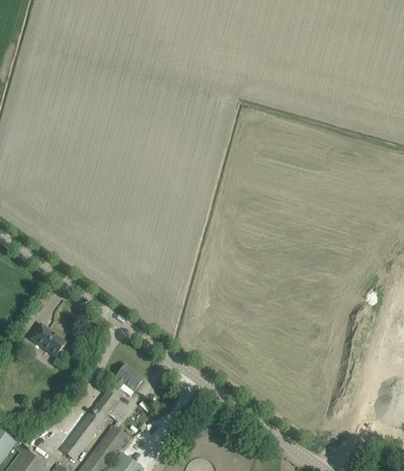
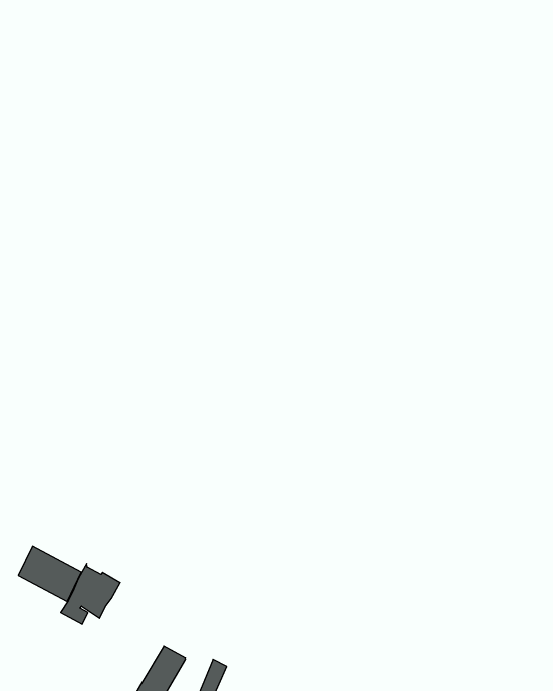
building: [107,365,143,399] -> [61,564,120,624]

